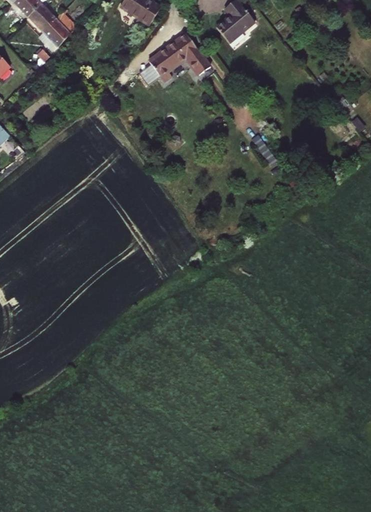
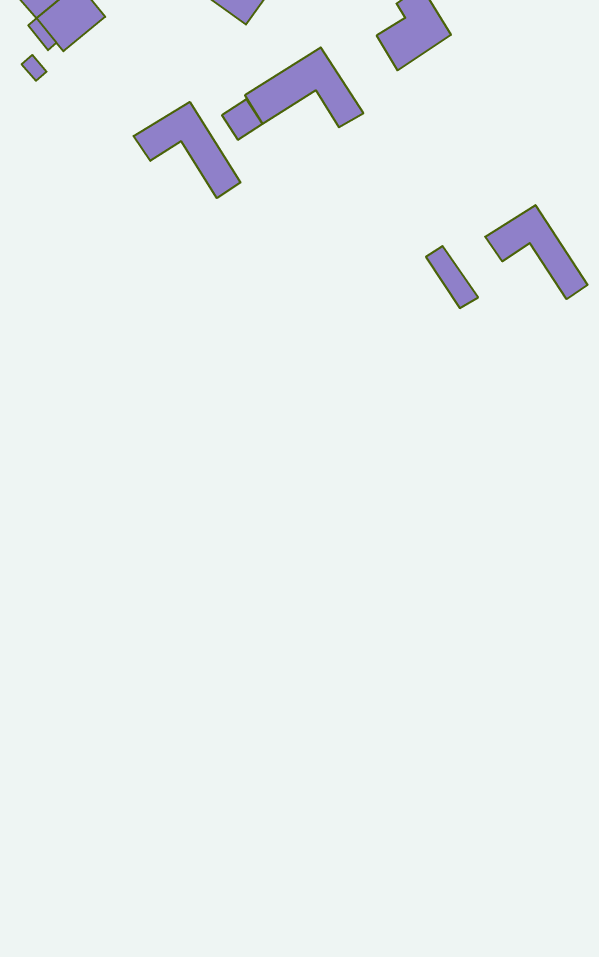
building: none -> [133,102,240,198]
building: none -> [485,205,588,299]

